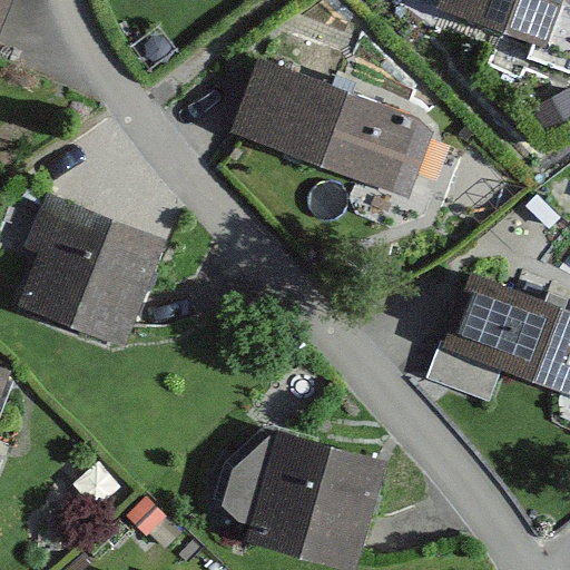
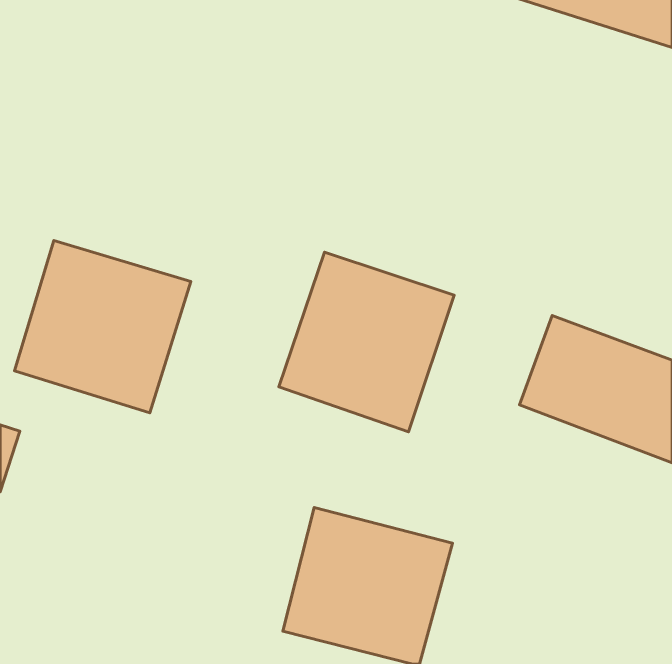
building: [227,58,438,199] -> none
building: none -> [279,252,454,432]

